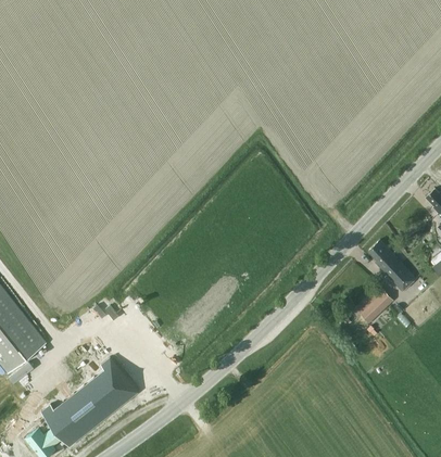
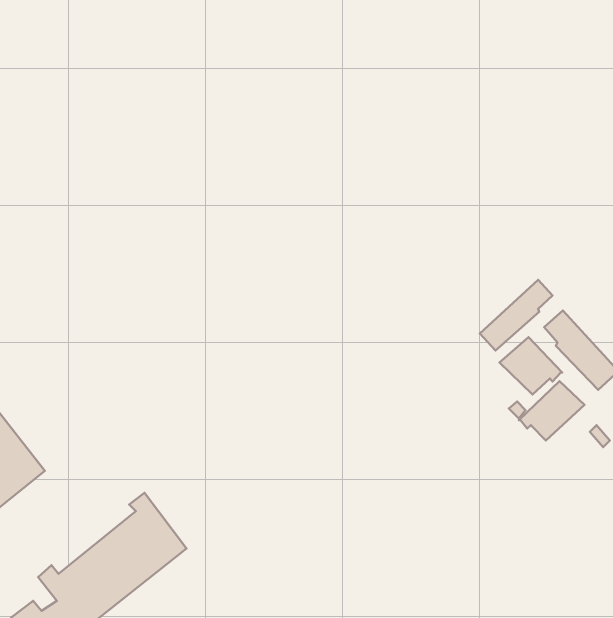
building: none -> [480,280,552,351]
building: none -> [500,337,562,395]

